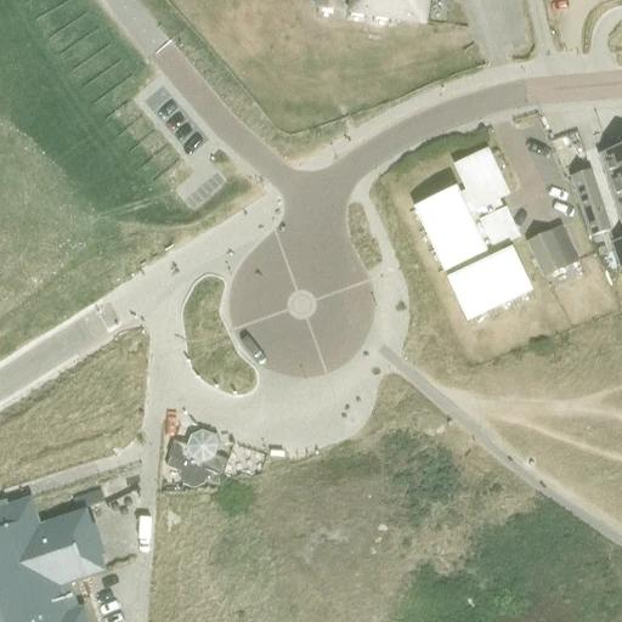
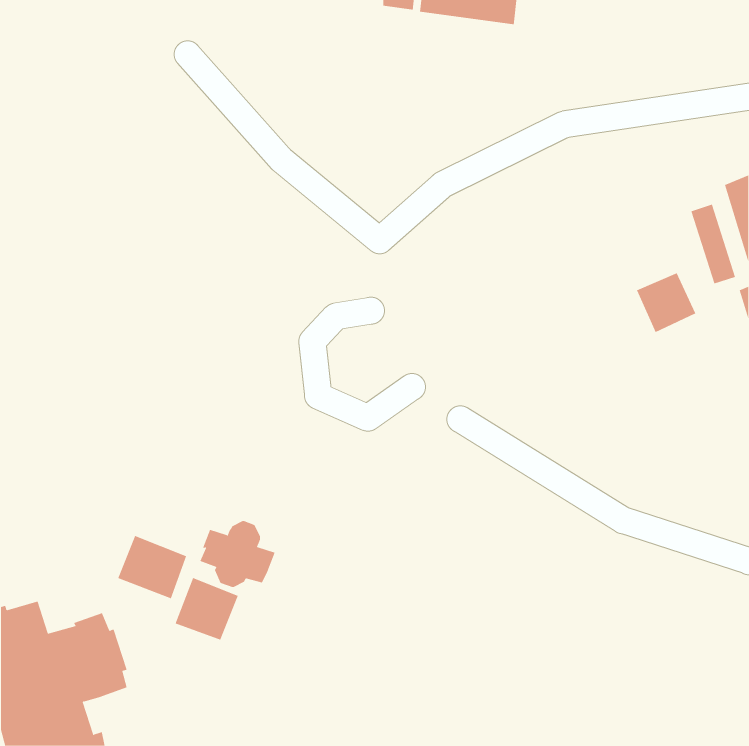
building: [420,149,526,313] -> none
building: none -> [117,535,187,599]
building: none -> [175,577,238,641]

